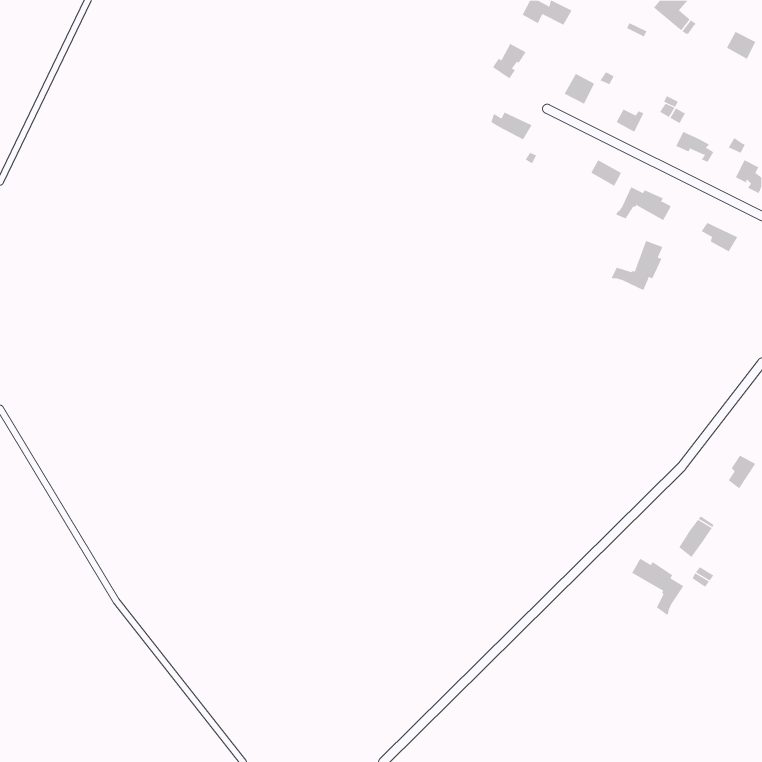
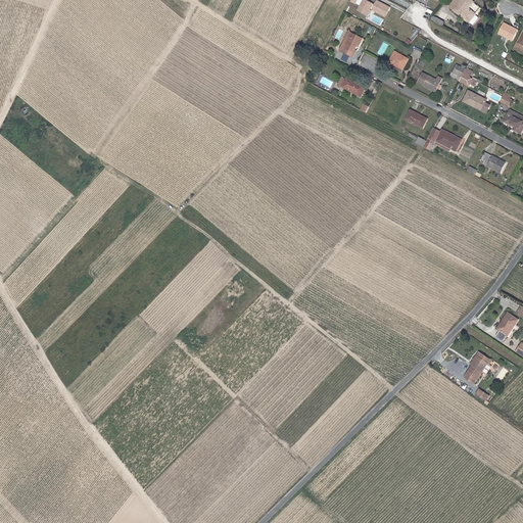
building: [611,240,663,291] -> none
building: [632,558,684,616] -> none

